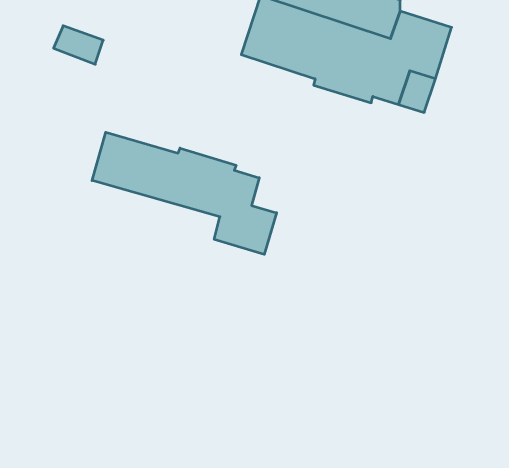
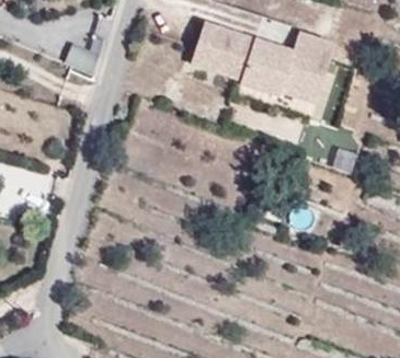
building: [92,132,277,254] -> none

